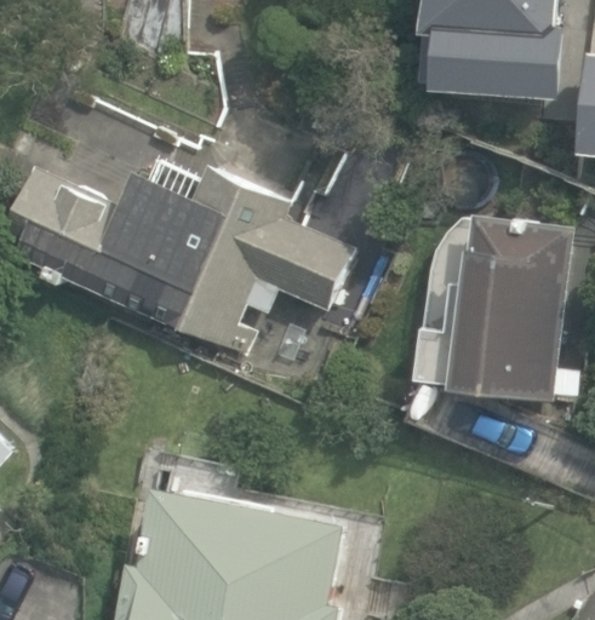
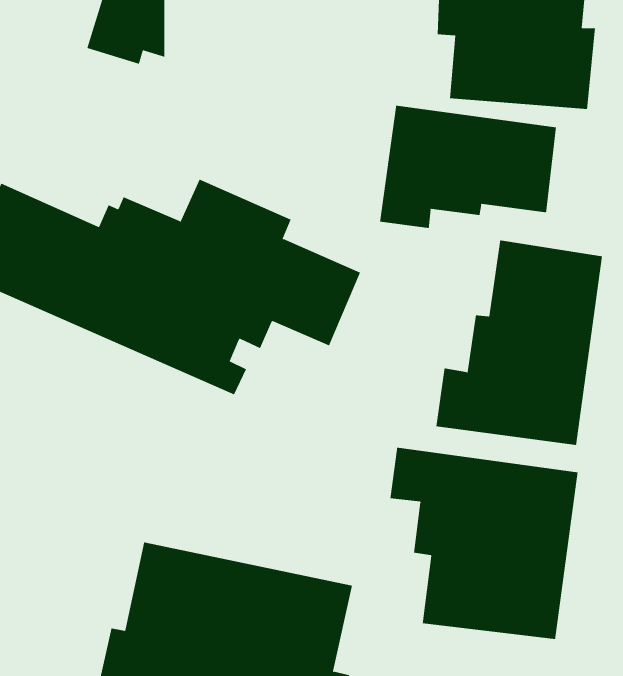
building: none -> [380,105,556,229]
building: none -> [390,447,578,640]

